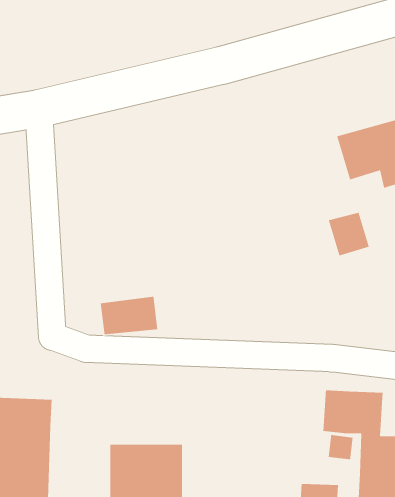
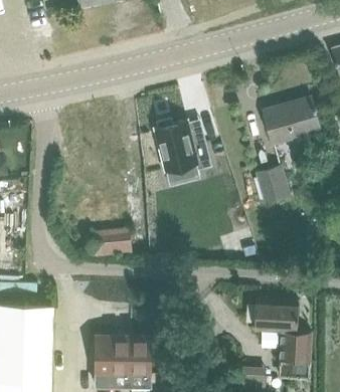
building: none -> [154,120,211,172]

